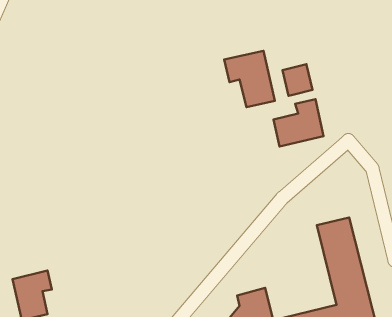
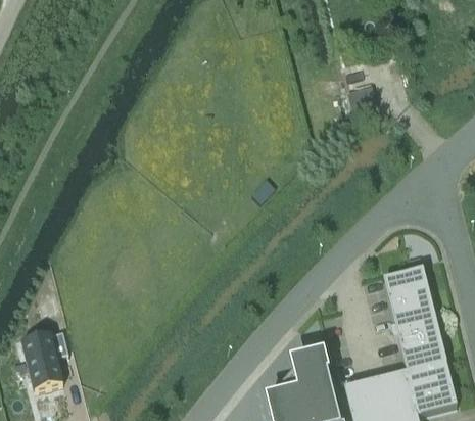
building: [224,51,275,107] -> none
building: [273,99,324,146] -> none

